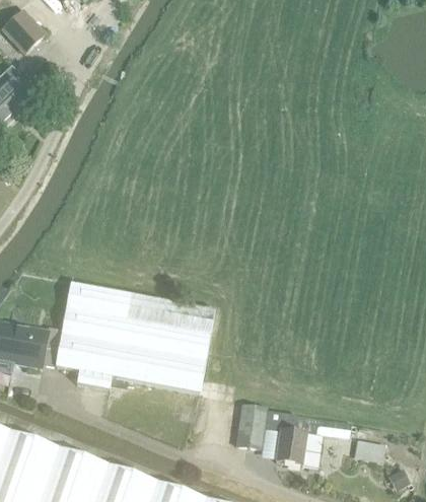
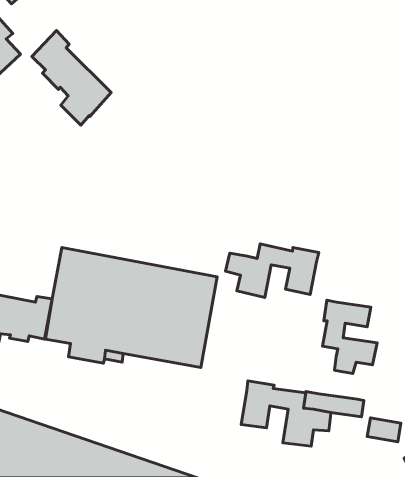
building: none -> [32,31,111,125]
building: none -> [226,244,319,298]
building: none -> [322,300,377,374]

